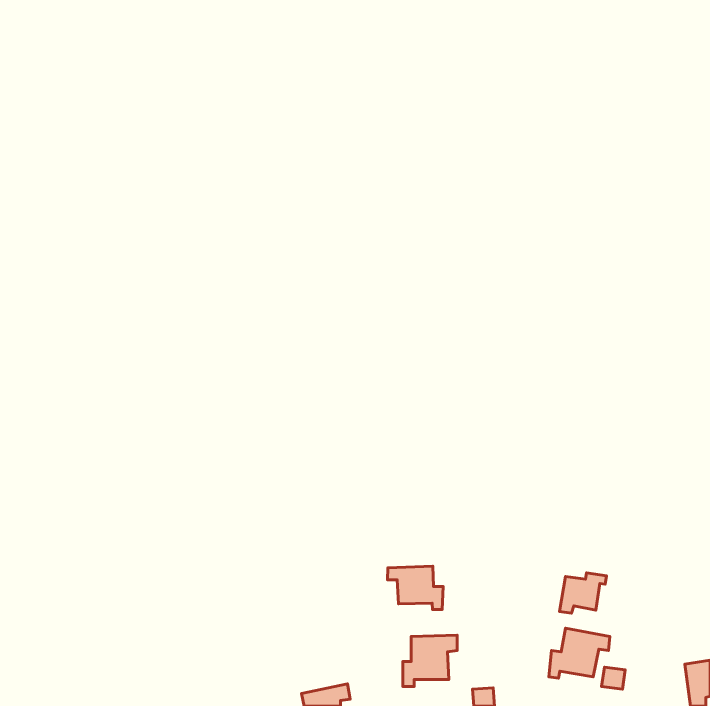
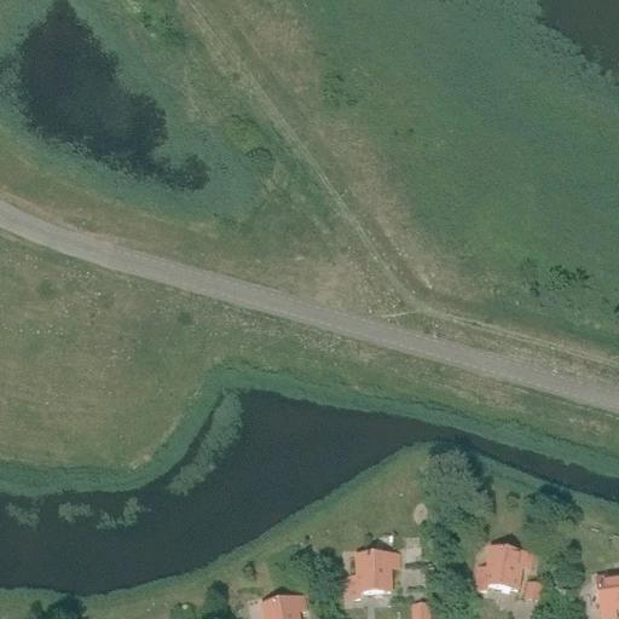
building: [387,566,443,609] -> none
building: [559,573,607,613] -> none

